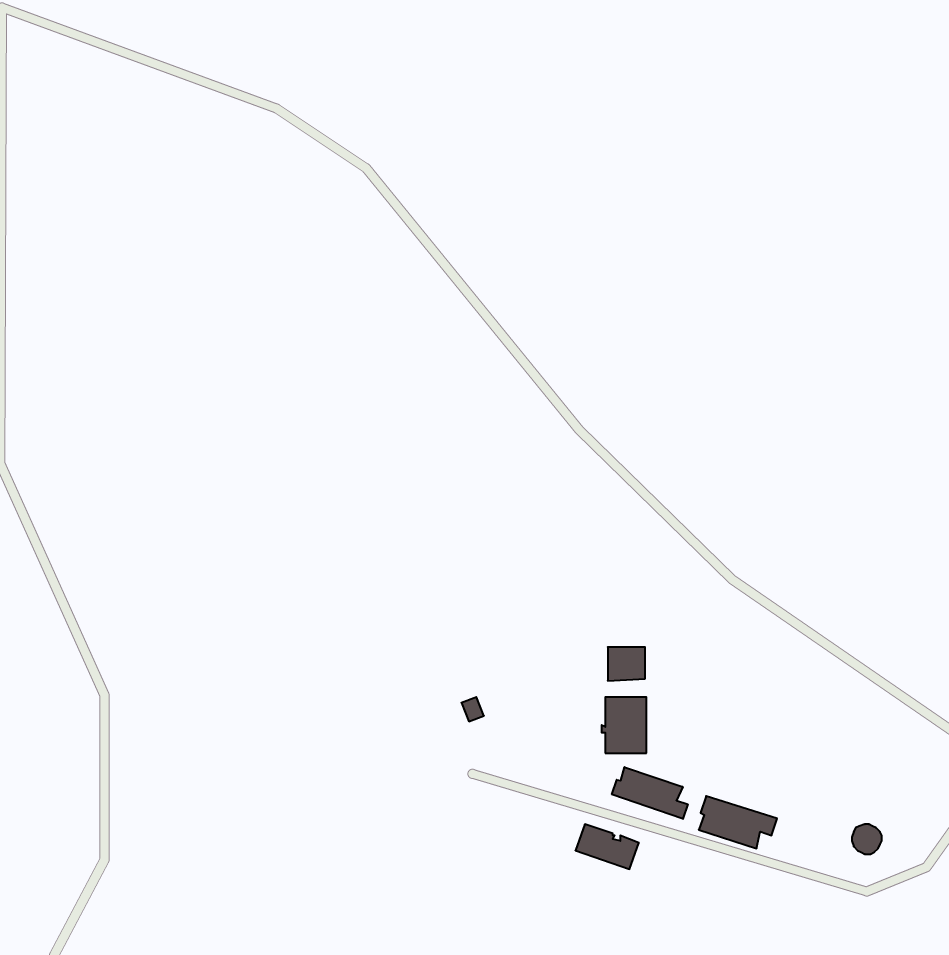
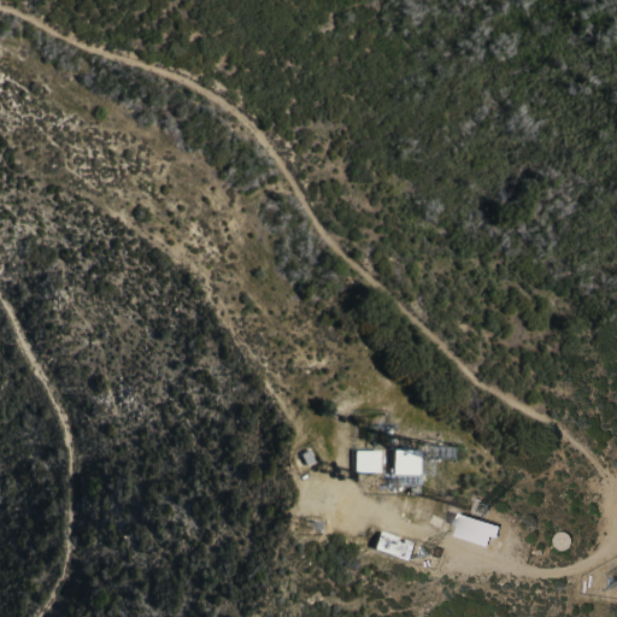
building: [608,647,645,681] -> [357,451,381,472]
building: [612,767,688,819] -> none

